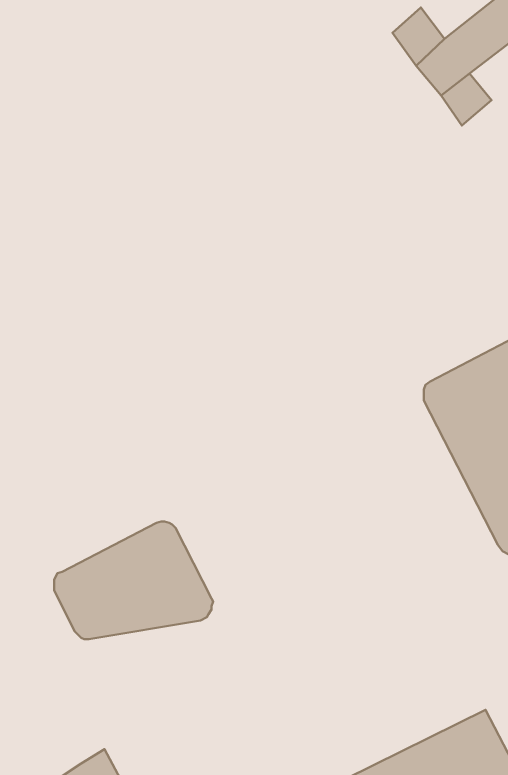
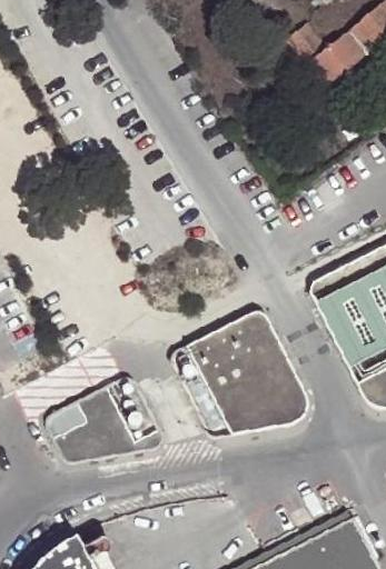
building: none -> [172,313,308,438]

